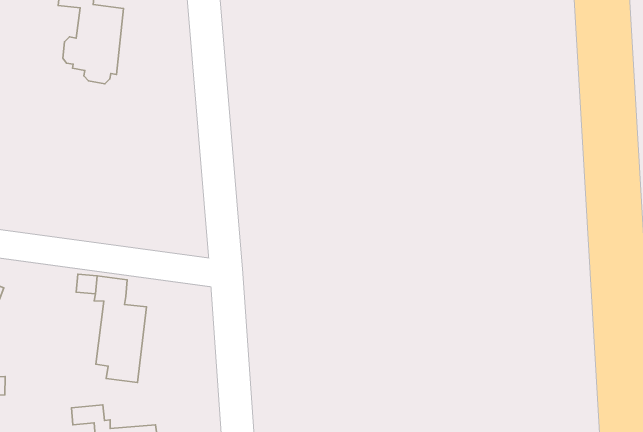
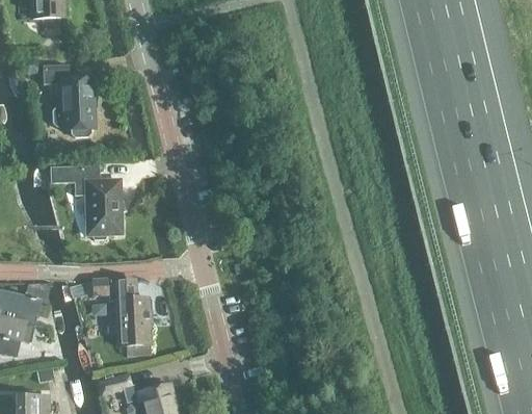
building: none -> [51,164,123,238]

